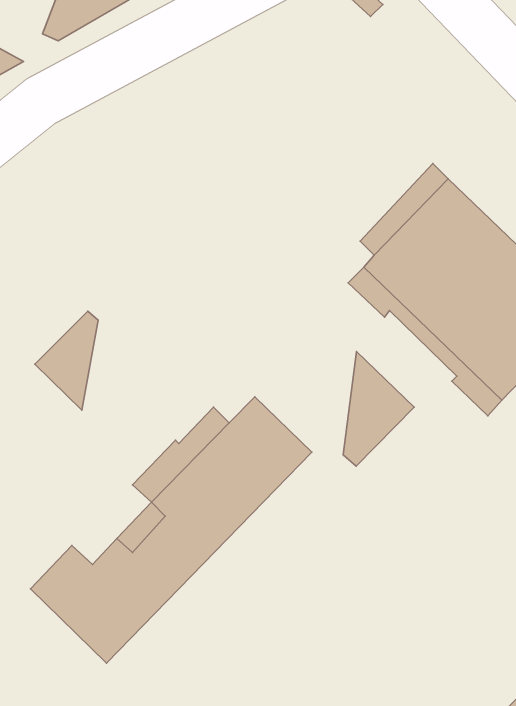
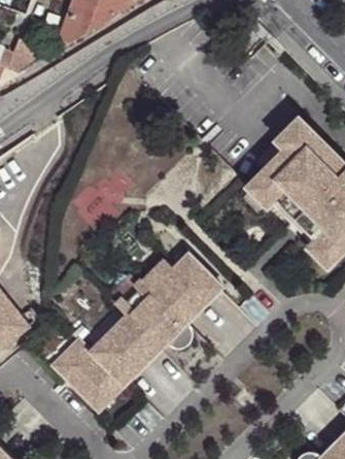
building: [35,311,98,410] -> none
building: [343,351,414,466] -> none

